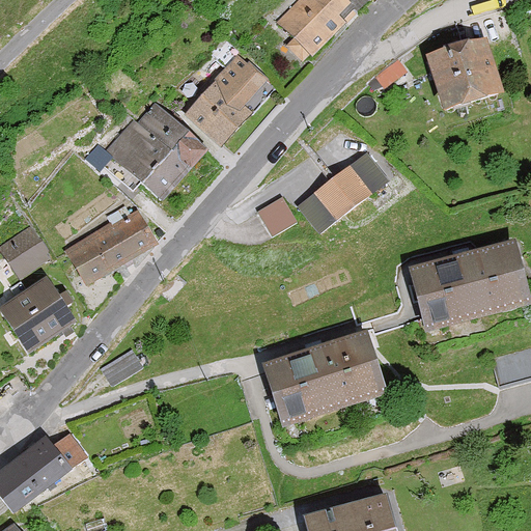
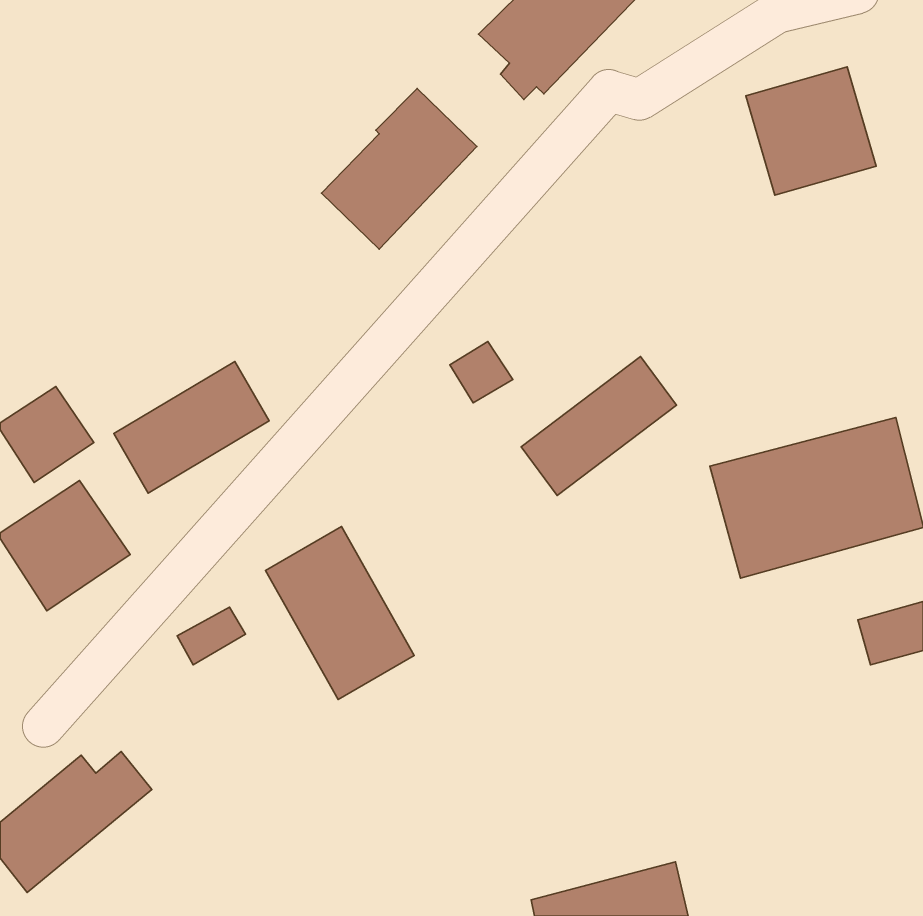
building: [105,102,206,199] -> none
building: [299,151,388,231] -> [521,356,676,495]
building: none -> [266,526,414,699]
building: [262,331,387,425] -> none

